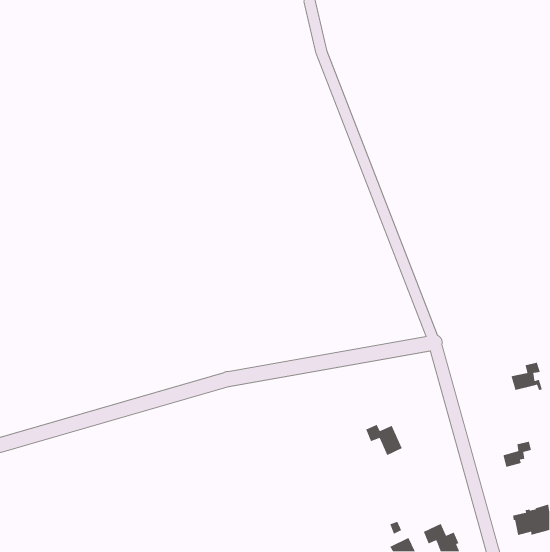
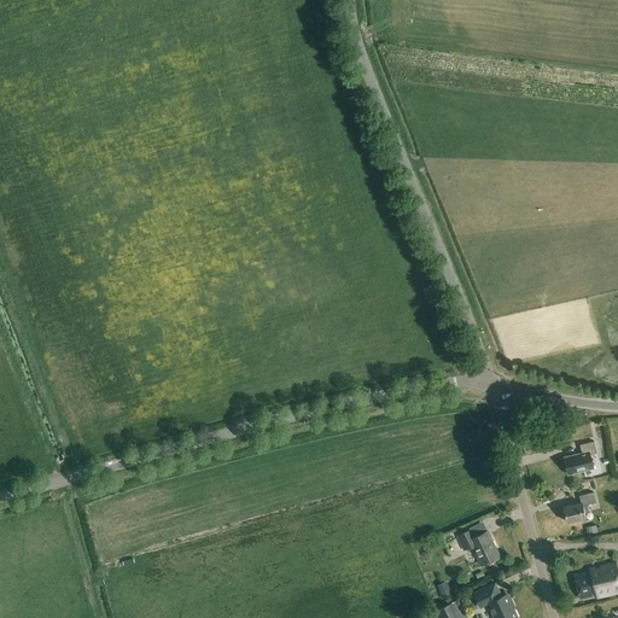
building: [510,362,543,391] -> [562,442,599,474]
building: [365,424,403,456] -> [456,530,499,566]

